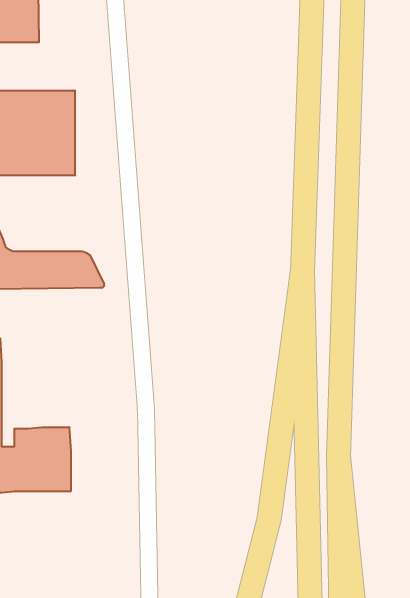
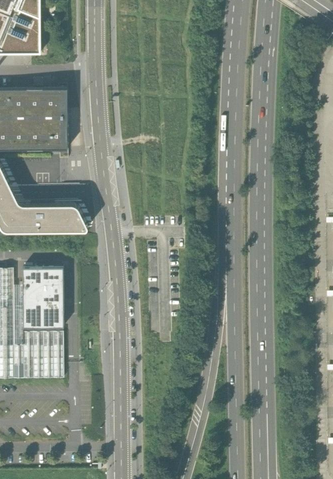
building: none -> [22,270,62,330]

